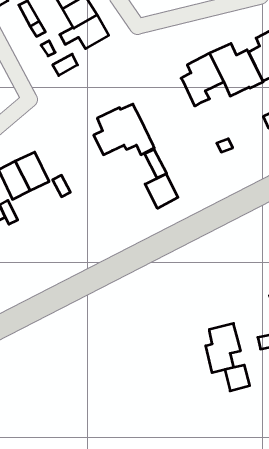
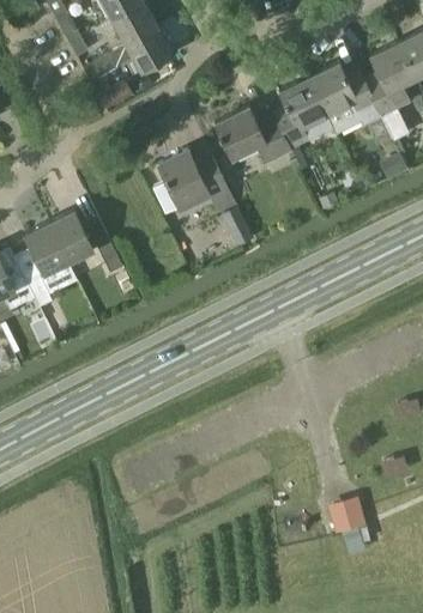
building: none -> [214,108,290,164]
building: [145,174,178,208] -> none
building: [206,323,240,373] -> none

